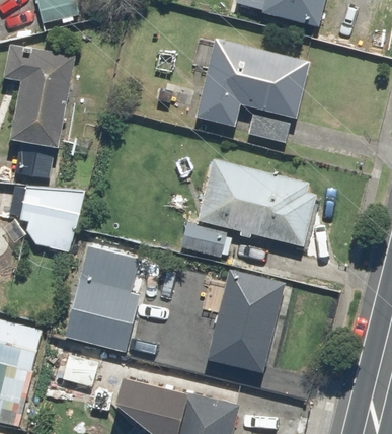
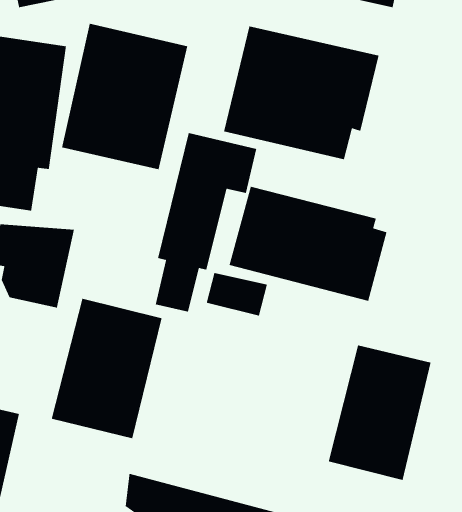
building: none -> [61,23,188,170]
building: none -> [155,132,257,313]
building: [207,270,285,372] -> [328,345,431,481]

